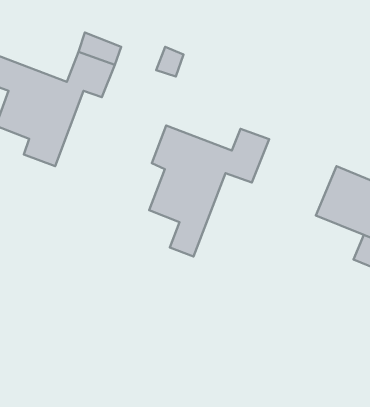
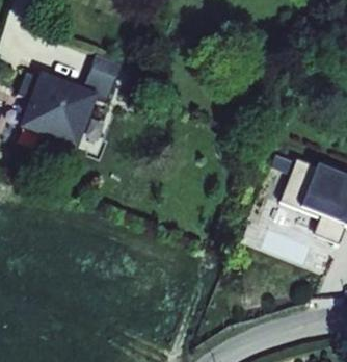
building: [149,125,269,257] -> none

